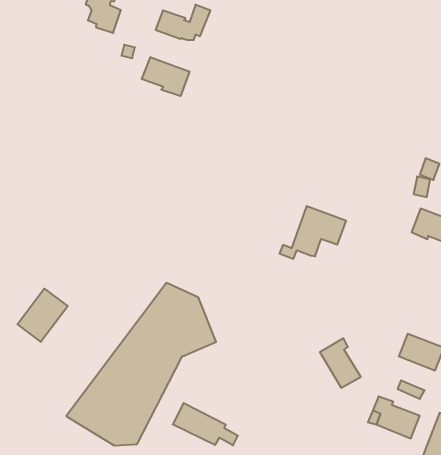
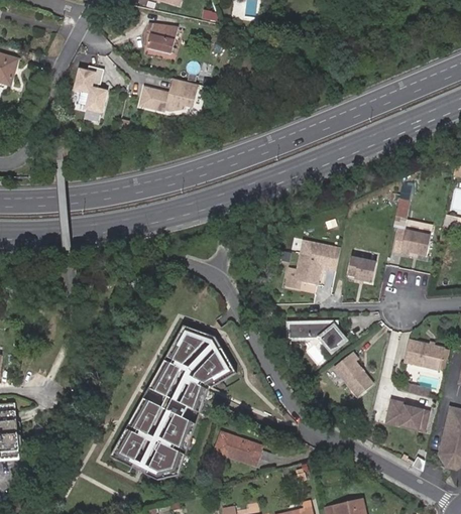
building: [142,57,189,96] -> none
building: none -> [344,257,372,282]
building: [17,289,68,342] -> none
building: none -> [291,322,341,354]

